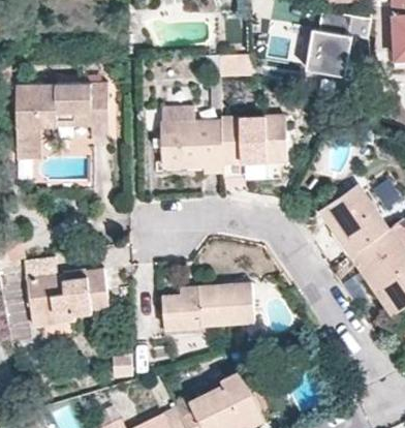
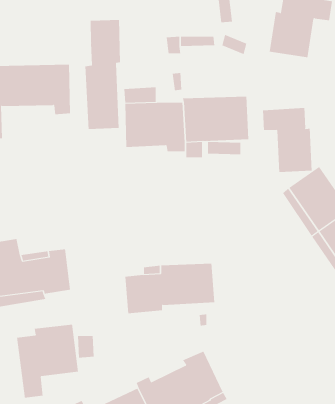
building: none -> [85,19,121,130]
building: none -> [263,107,312,173]
building: none -> [17,324,79,398]

